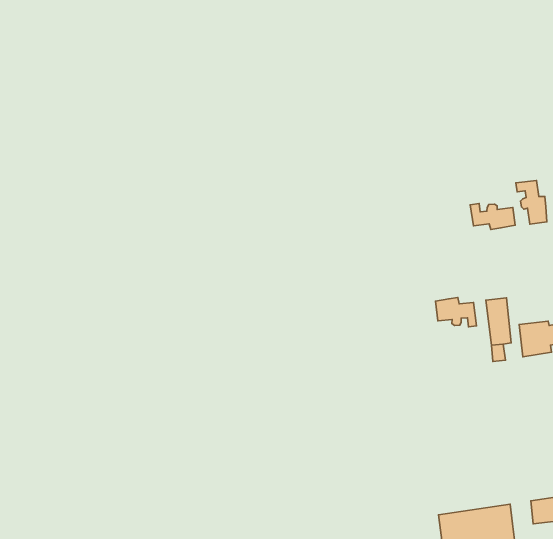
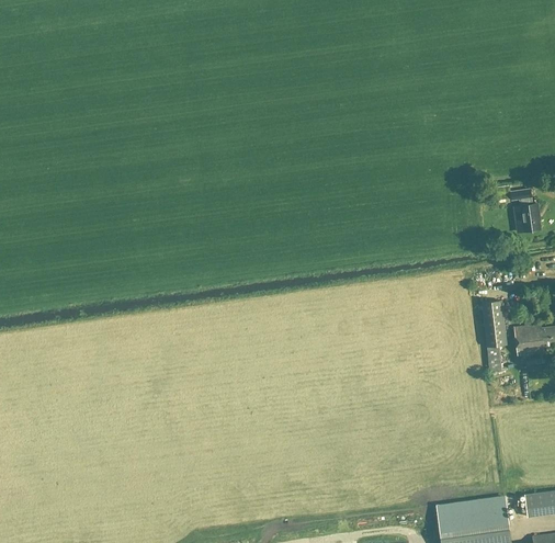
building: [470,204,515,229] -> none
building: [436,297,477,327] -> none

